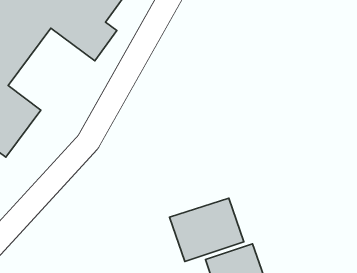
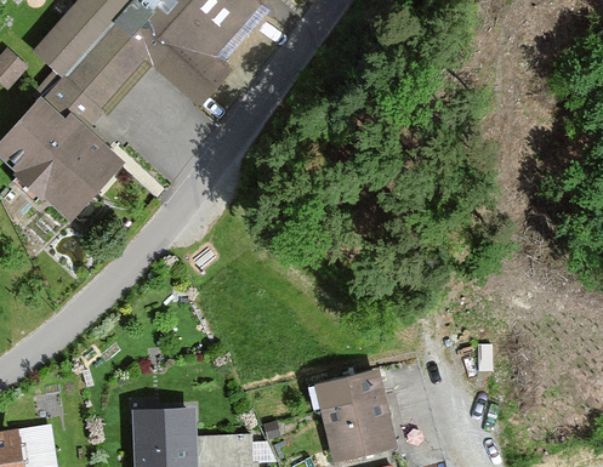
building: [169,198,244,262] -> none

